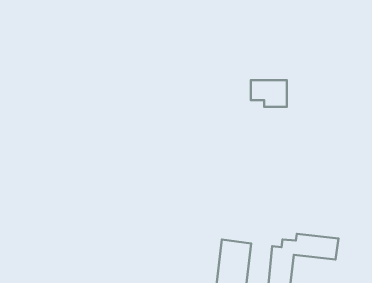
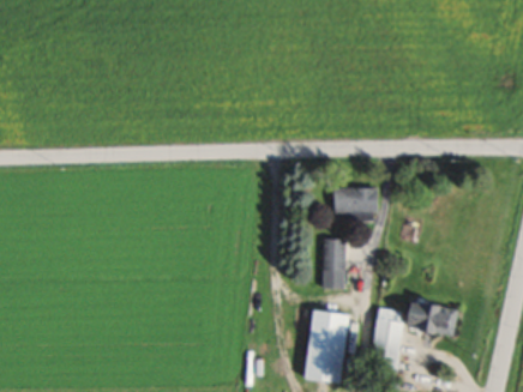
building: [251,80,287,107] -> [333,187,379,221]
building: none -> [324,239,344,288]

